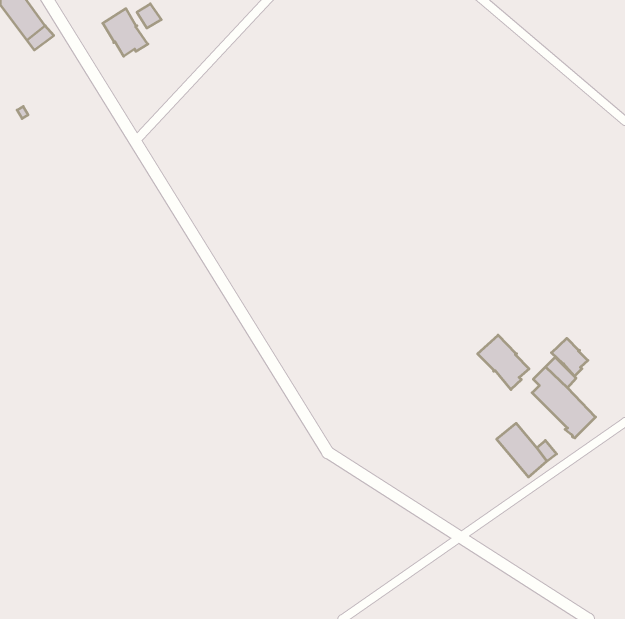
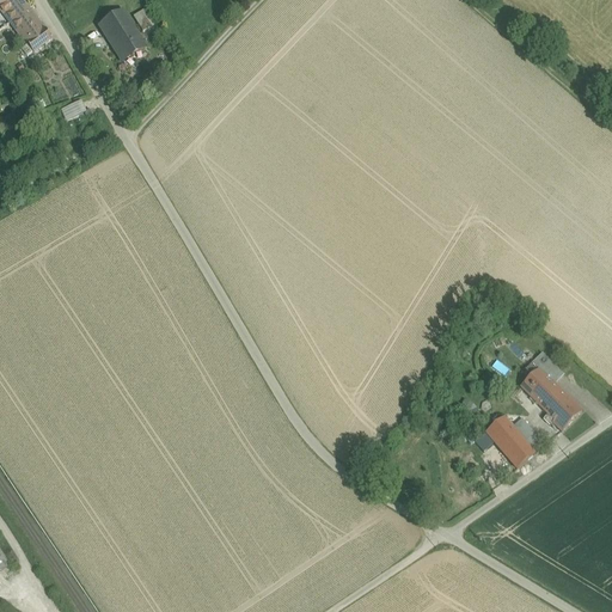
building: [478,335,529,390] -> none
building: [551,338,588,376] -> none

